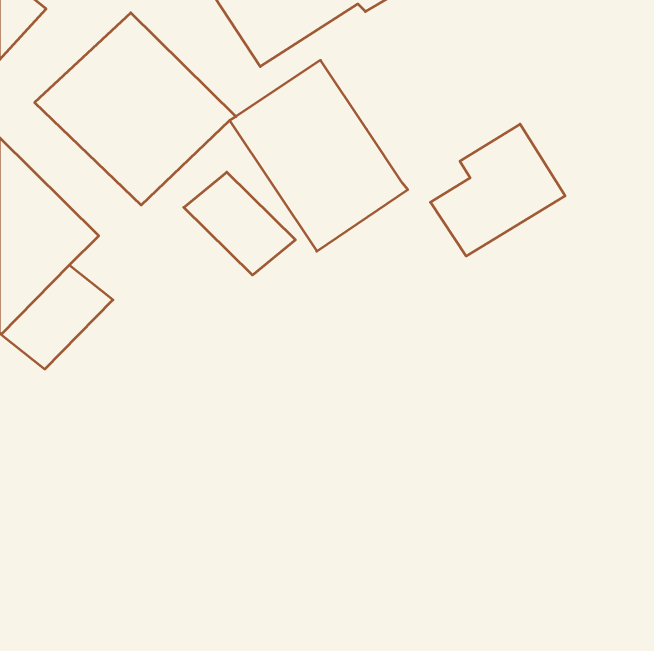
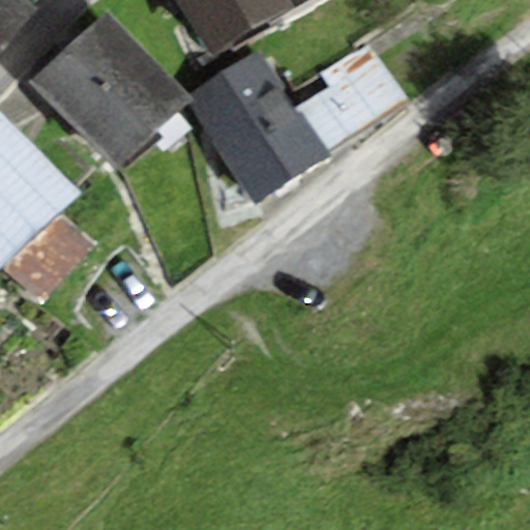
building: [430,124,565,256] -> [296,41,405,148]
building: [184,172,295,275] -> none

